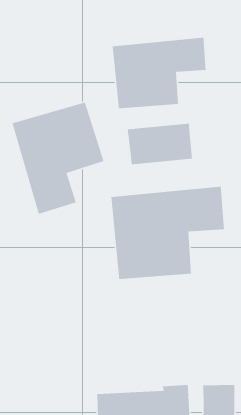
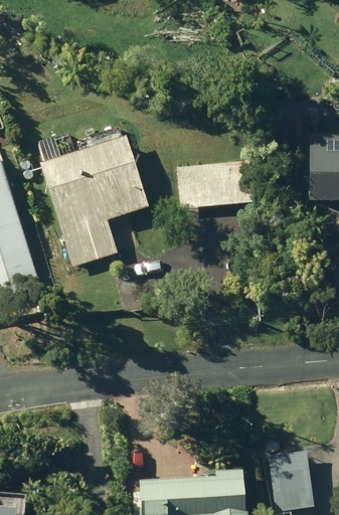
building: [112,37,207,109] -> none
building: [111,186,225,280] -> none

